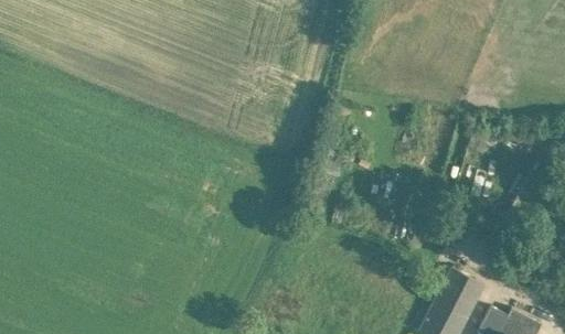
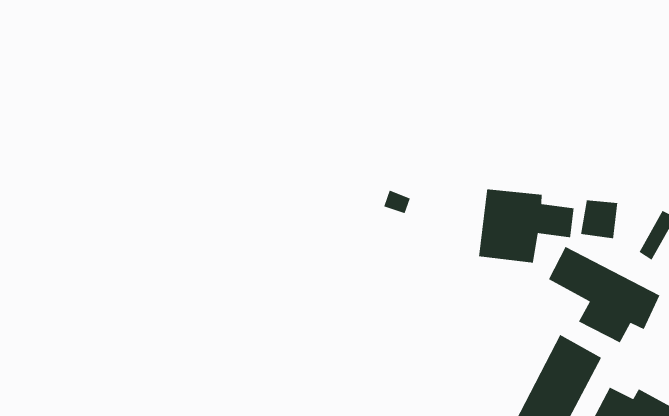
building: none -> [478,188,575,263]
building: none -> [548,246,661,344]

